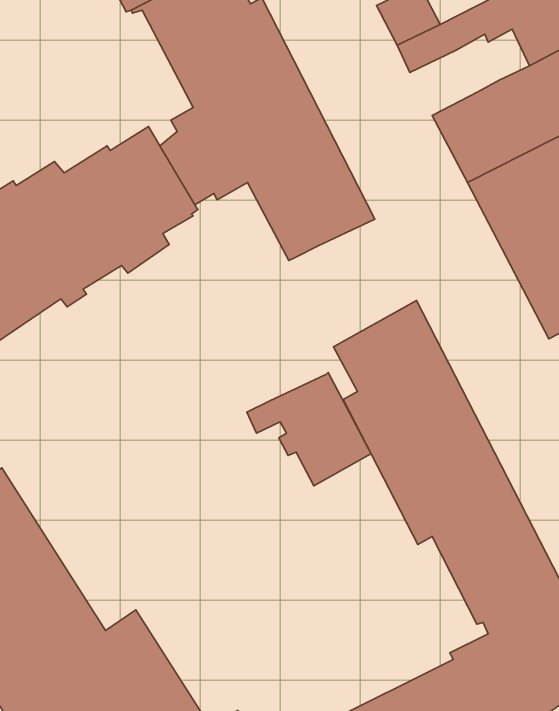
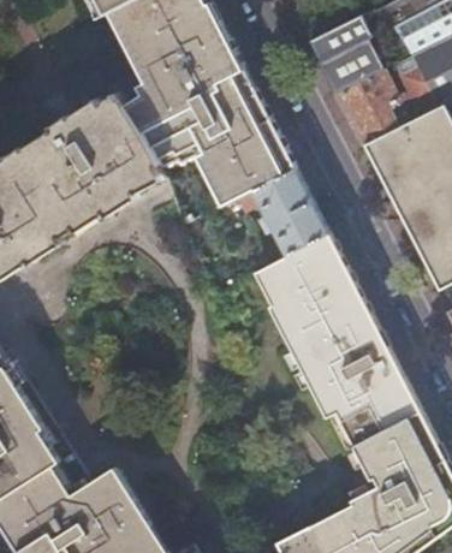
building: none -> [320,46,371,95]
building: [247,372,371,486] -> [233,172,327,257]

